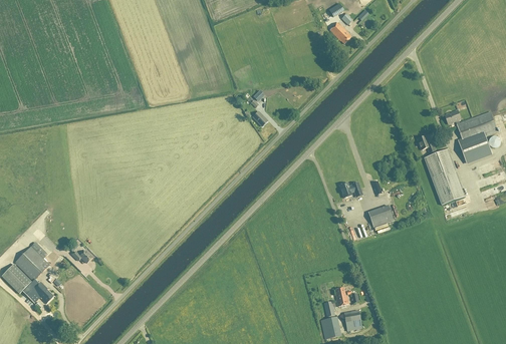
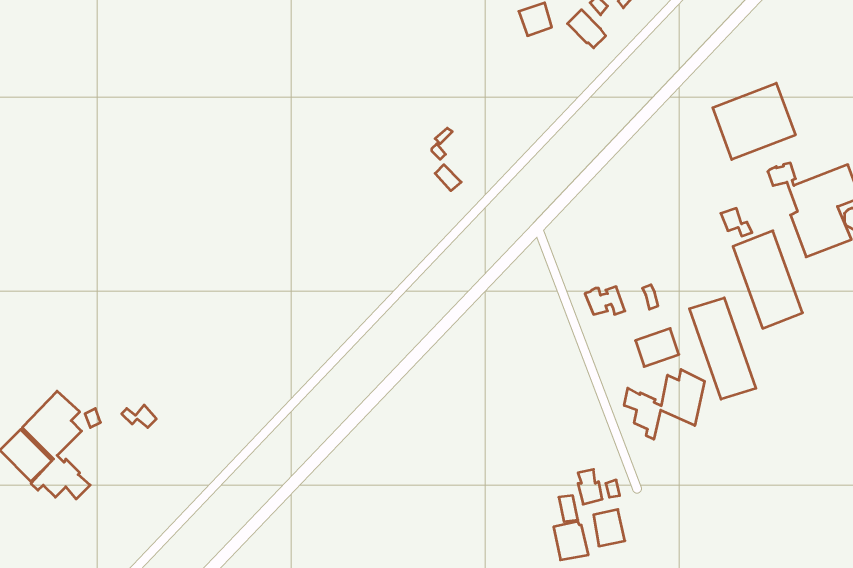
building: none -> [713,83,795,160]
building: none -> [689,298,756,399]
building: none -> [624,369,705,439]

